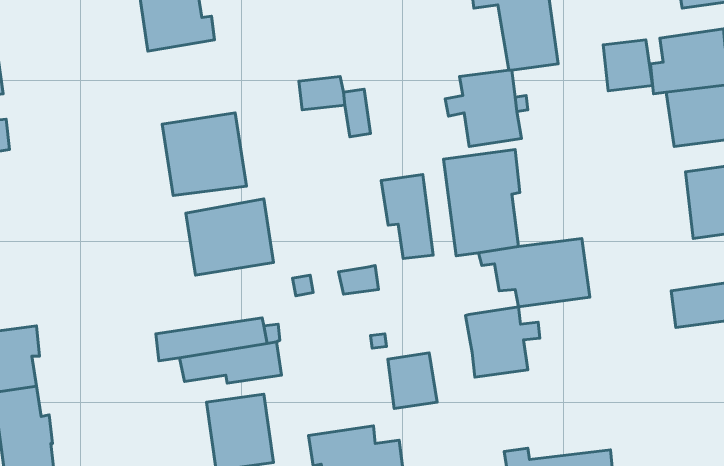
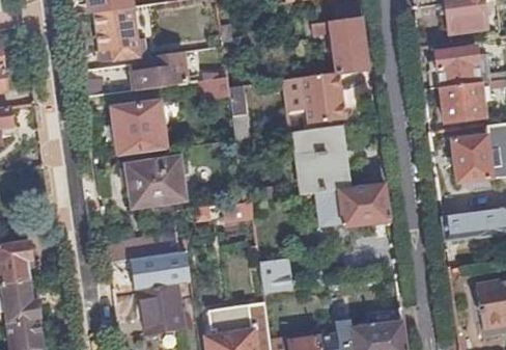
building: none -> [132,53,187,90]
building: [603,40,653,91] -> none
building: [381,175,433,259] -> none
building: [466,307,540,377] -> none

